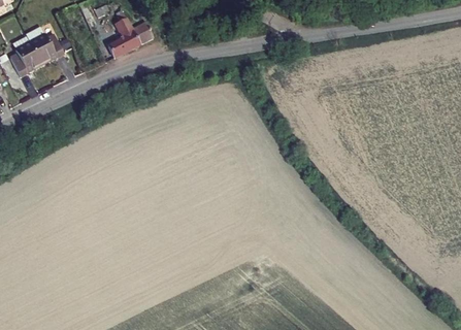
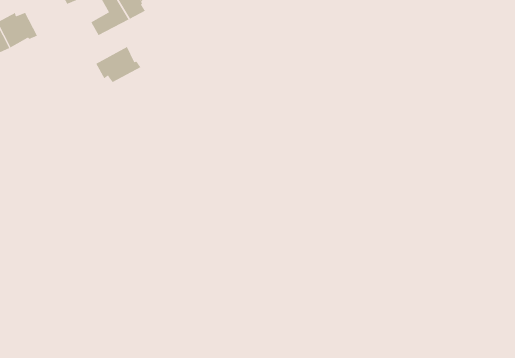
building: none -> [96,46,141,83]

